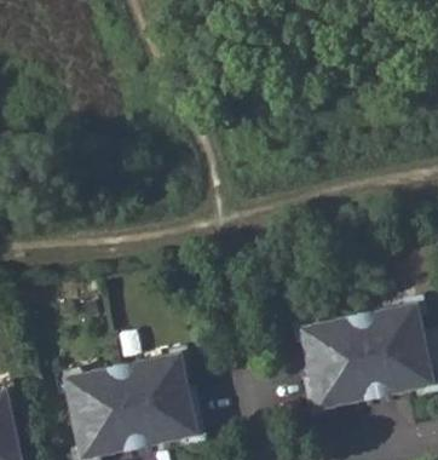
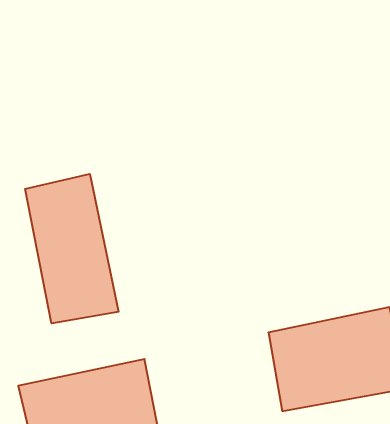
building: none -> [25,174,119,323]

